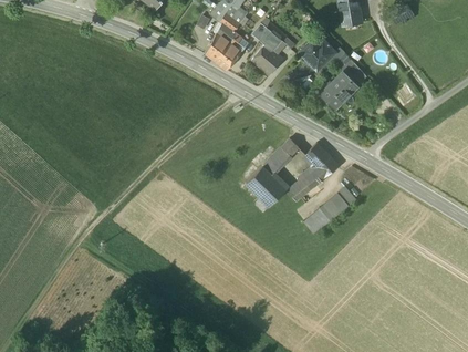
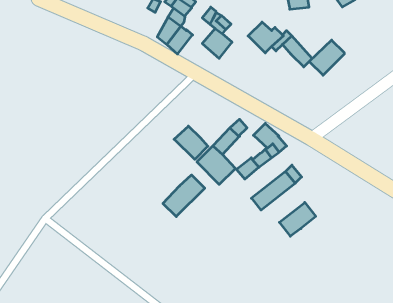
building: [321,71,357,107] -> [309,40,344,75]
building: none -> [174,126,208,159]
building: none -> [163,175,205,217]
building: none -> [279,202,316,236]

